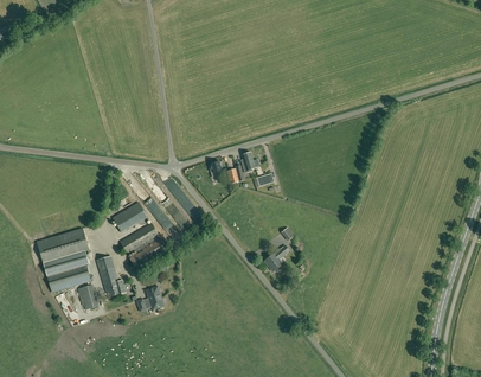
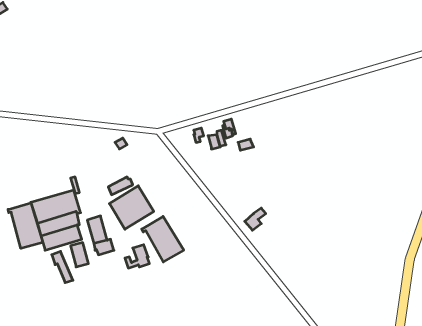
building: none -> [8,203,43,248]
building: none -> [142,216,184,262]

